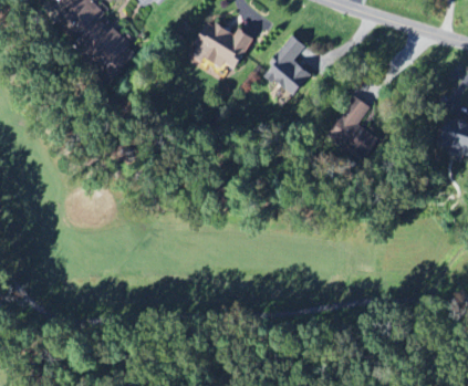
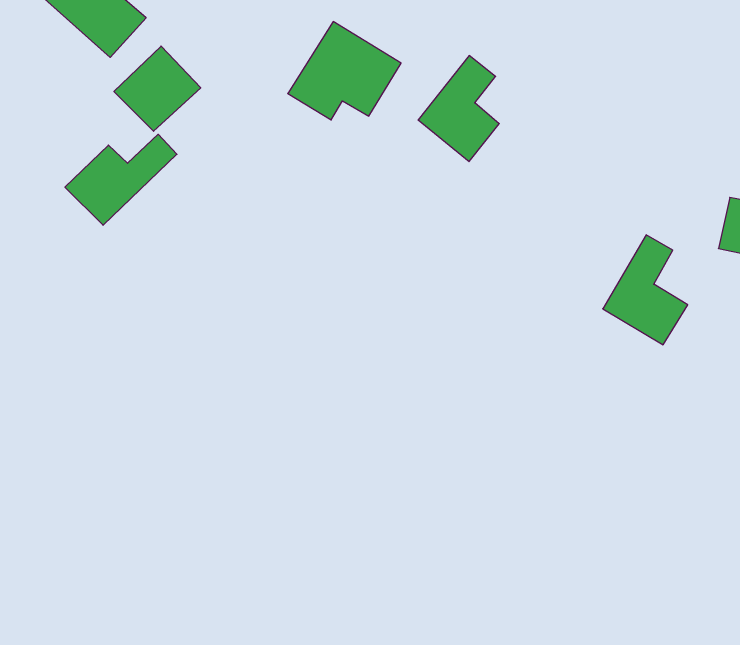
building: none -> [65,134,177,225]
building: [327,95,377,159] -> [603,235,688,345]

